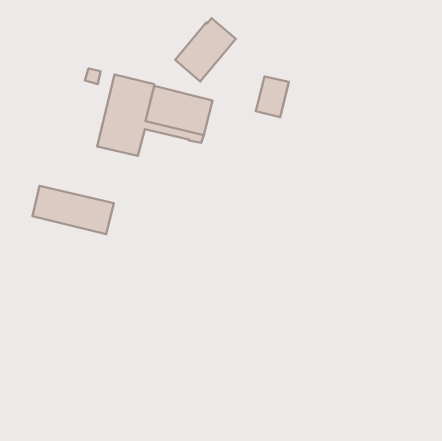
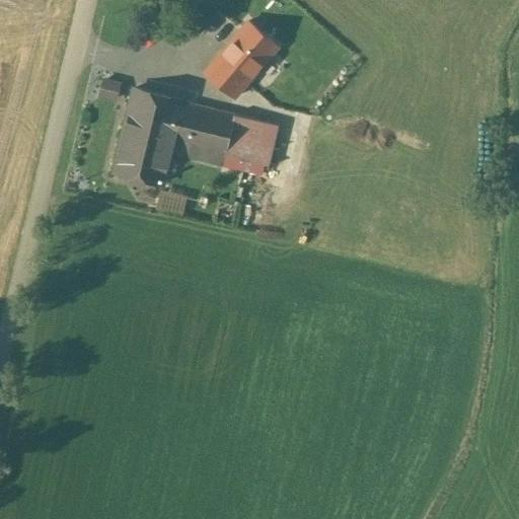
building: [256,77,289,117] -> [238,120,277,167]
building: [33,186,114,234] -> none

